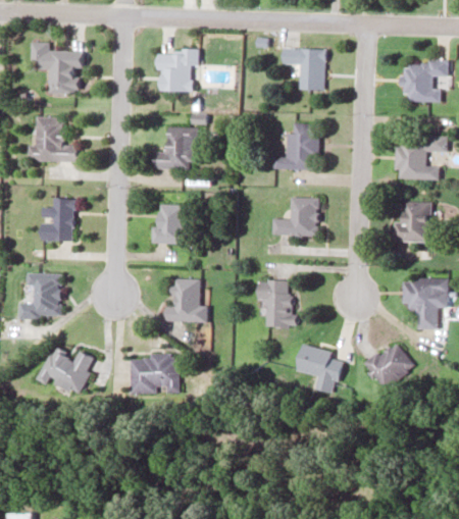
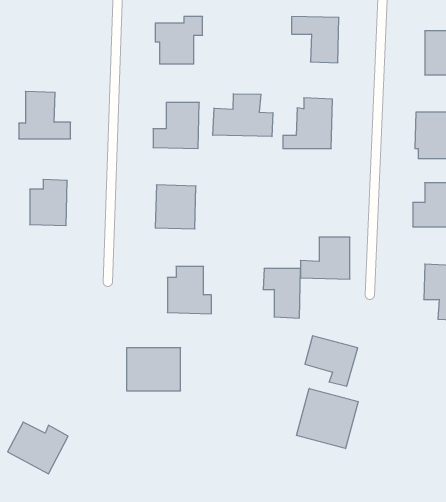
building: [32,42,82,94] -> none
building: none -> [213,94,273,137]
building: [272,198,318,237] -> [300,237,350,279]
building: [21,273,60,317] -> none
building: [364,340,414,390] -> none
building: [39,347,95,395] -> [8,422,68,474]
building: none -> [297,388,358,449]

